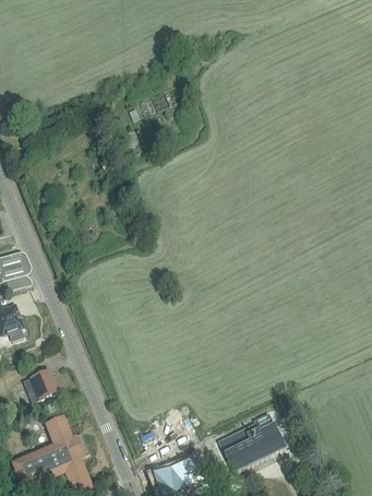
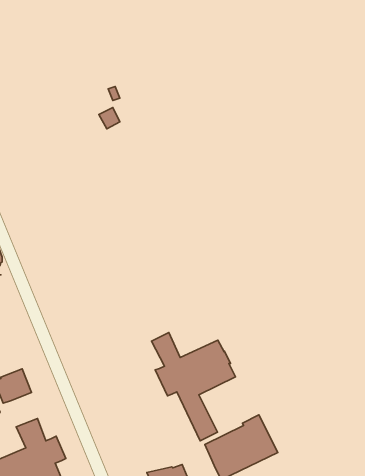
building: none -> [151,332,235,441]

